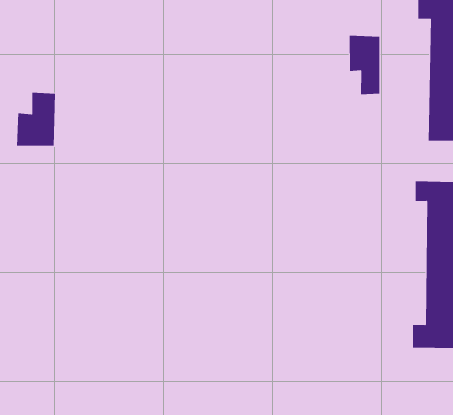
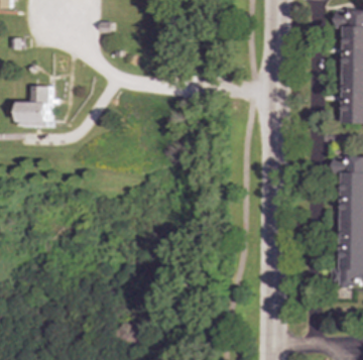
building: [349,35,380,95] -> none

